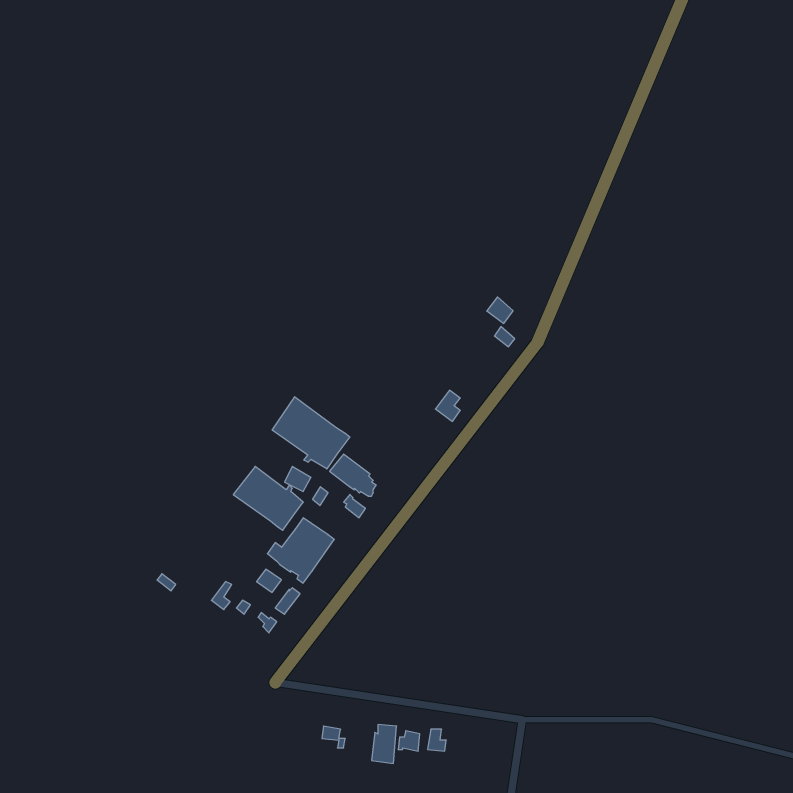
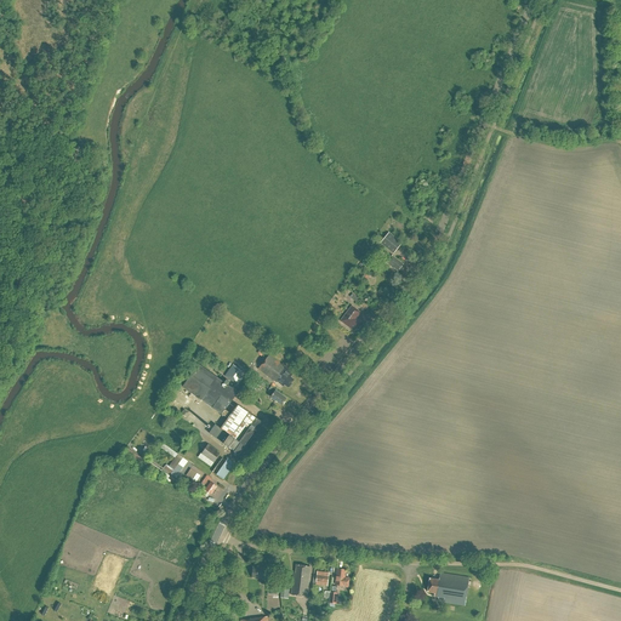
building: [272,397,350,469] -> none
building: none -> [427,572,468,605]

